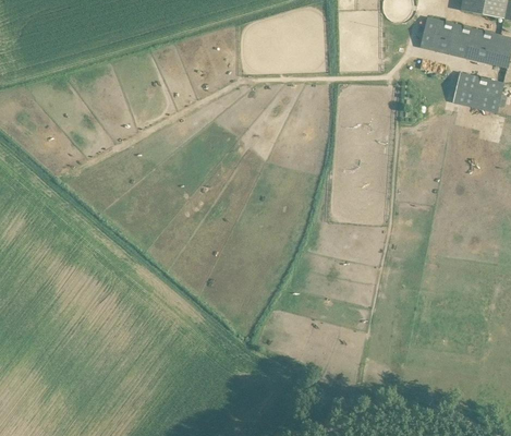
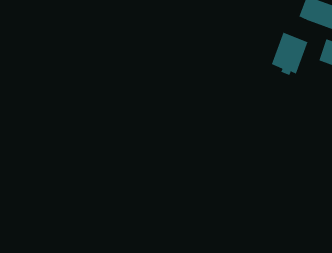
building: none -> [271,32,308,76]

